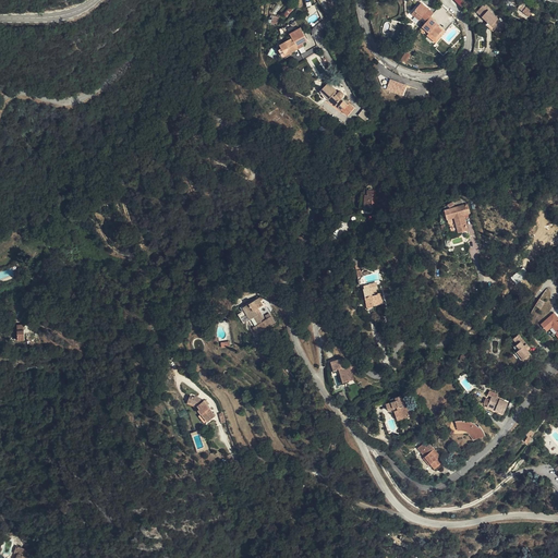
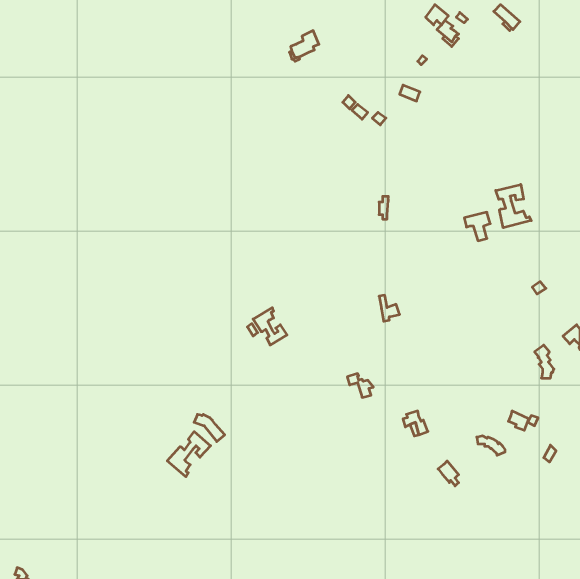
building: none -> [496,184,531,228]
building: none -> [167,432,211,477]

